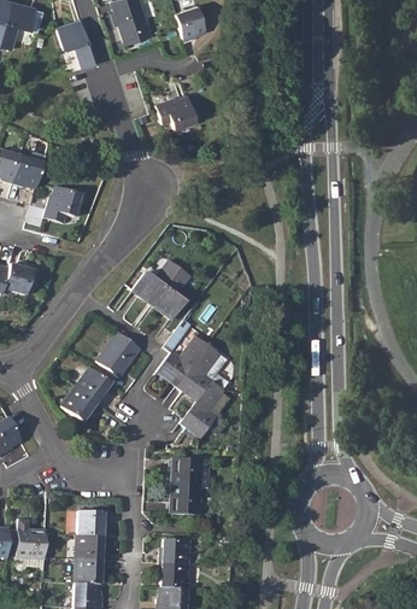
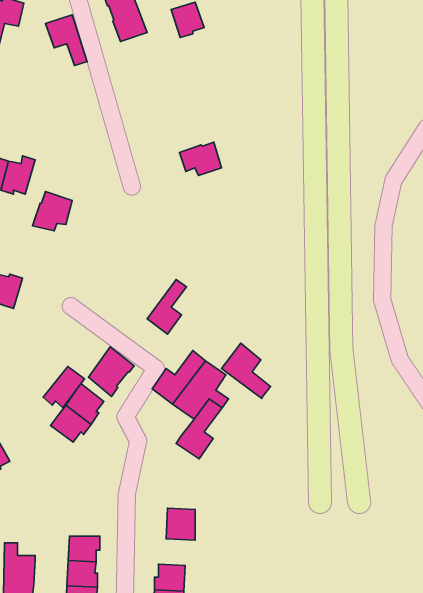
building: [155,94,195,125] -> [180,142,221,175]
building: [131,259,180,305] -> none
building: none -> [222,343,270,398]
building: none -> [43,366,85,408]
building: [171,457,199,486] -> none

